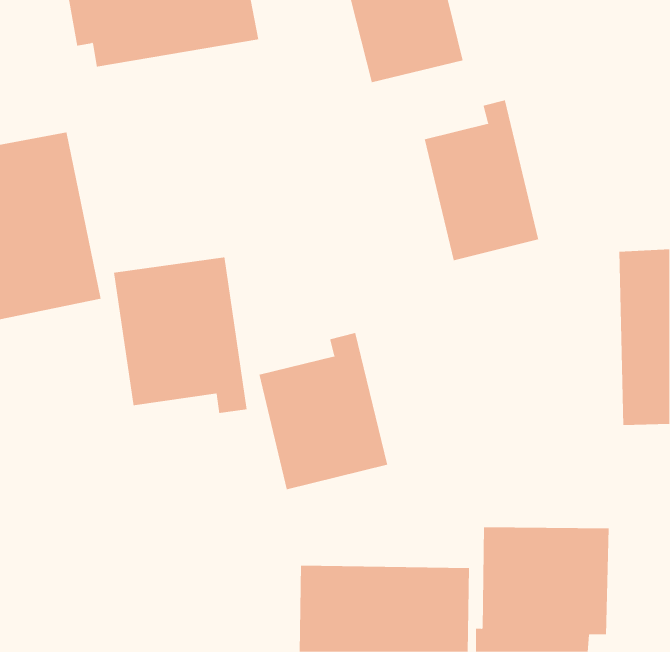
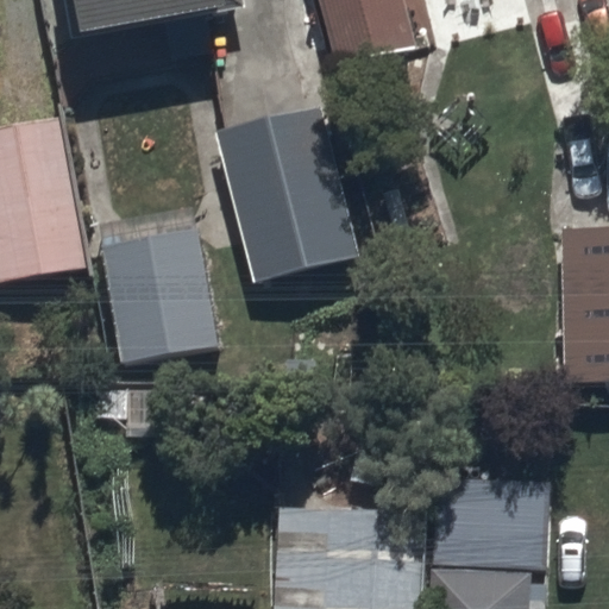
building: [424,100,539,261] -> none
building: none -> [218,107,362,283]
building: [259,332,388,490] -> none

